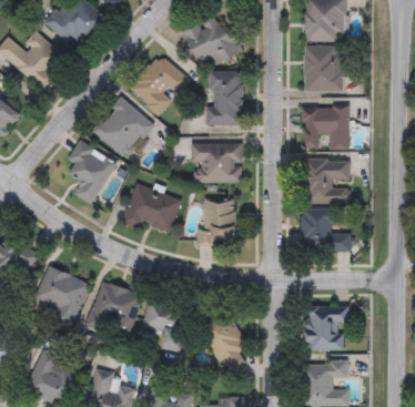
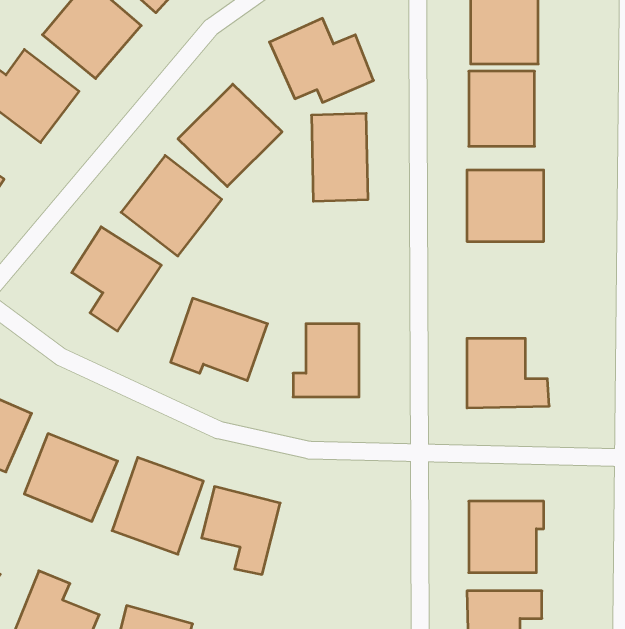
building: [192,142,242,181] -> none
building: [303,157,350,203] -> none
building: [198,309,247,374] -> none

